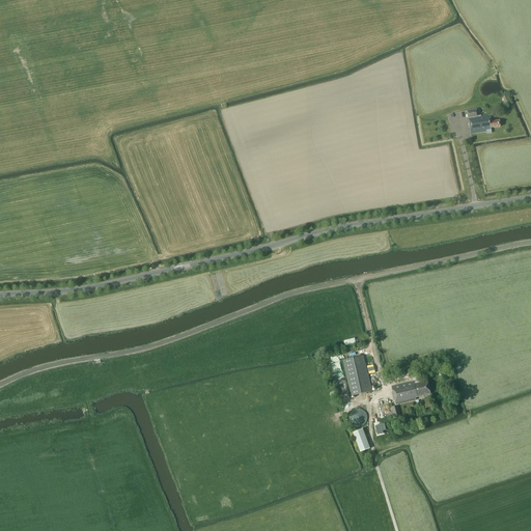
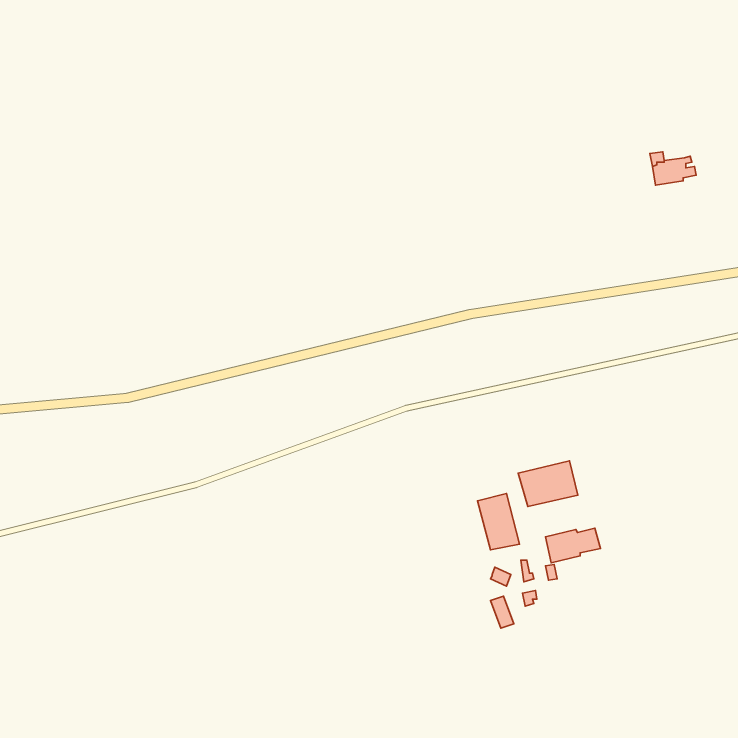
building: none -> [518,461,578,507]

